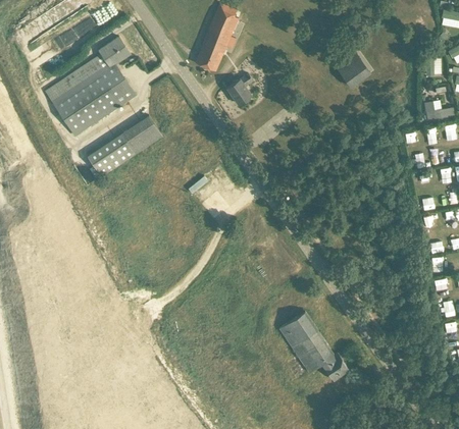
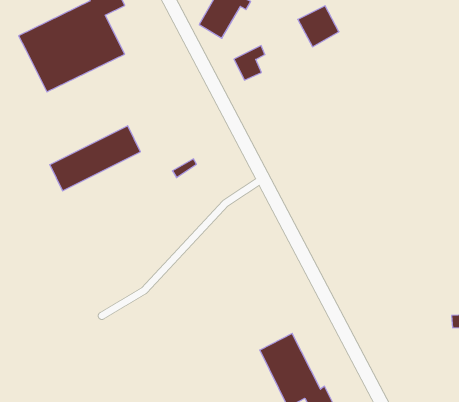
building: [334,51,369,87] -> [298,6,339,47]
building: [88,115,162,176] -> [50,126,140,191]

